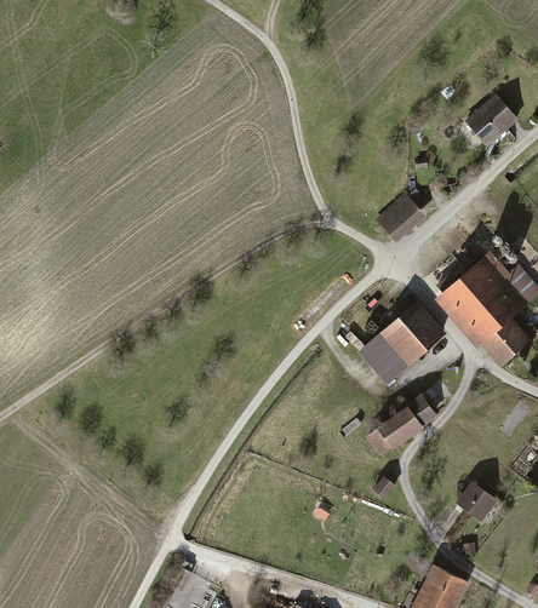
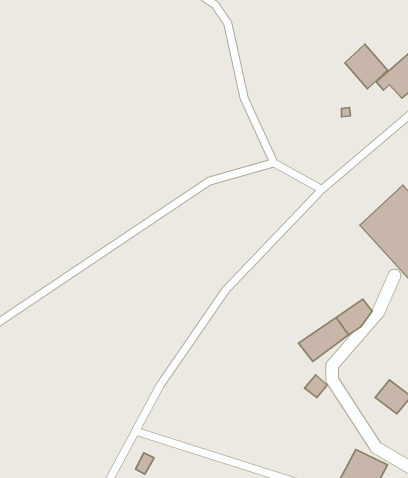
building: none -> [345,44,388,89]
building: [376,189,428,242] -> none
building: [357,300,446,385] -> none

